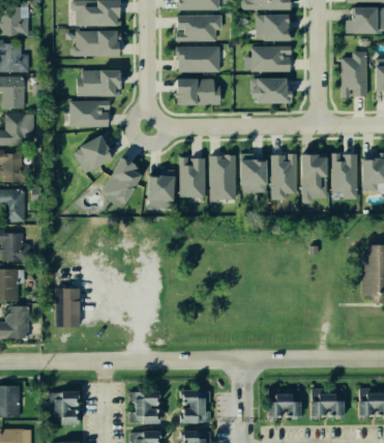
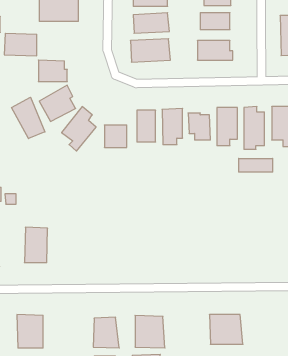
building: [80,71,116,96] -> [4,33,37,56]
building: none -> [12,97,45,139]
building: none -> [239,158,273,172]
building: [311,387,346,417] -> none

